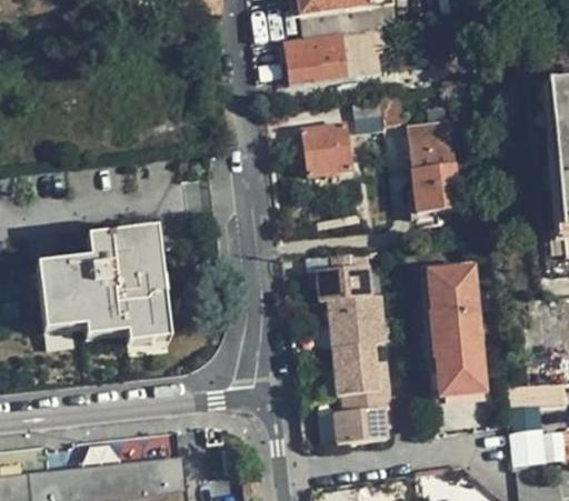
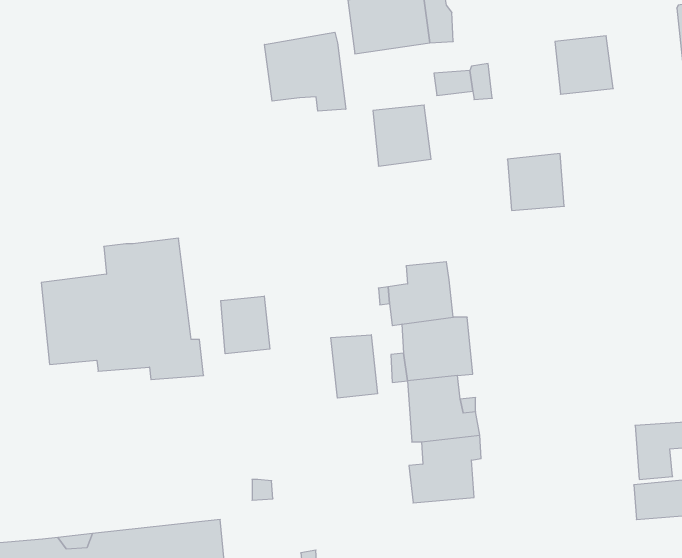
building: none -> [265,32,346,111]
building: [407,122,453,169] -> [555,36,613,94]
building: [425,267,485,400] -> none
building: none -> [221,296,270,354]
building: none -> [331,335,377,398]

